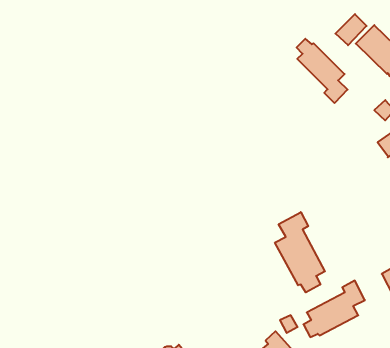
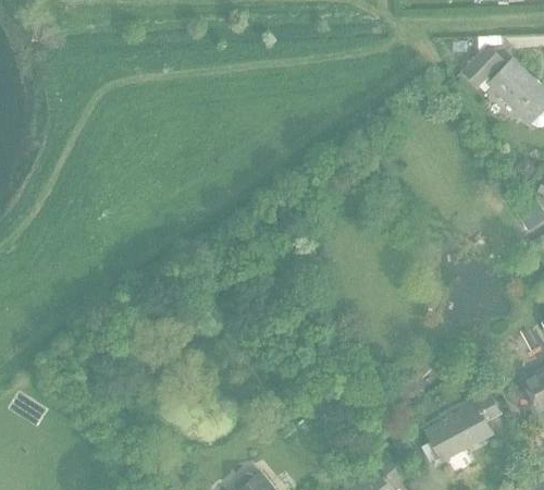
building: [297,39,348,103] -> none
building: [275,212,325,292] -> none

